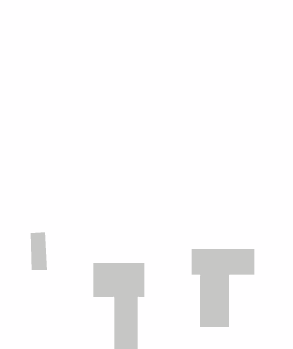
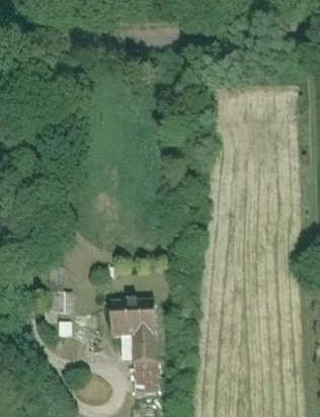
building: [191,248,255,328] -> none

